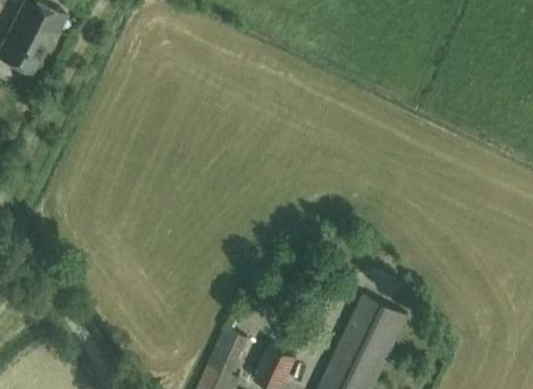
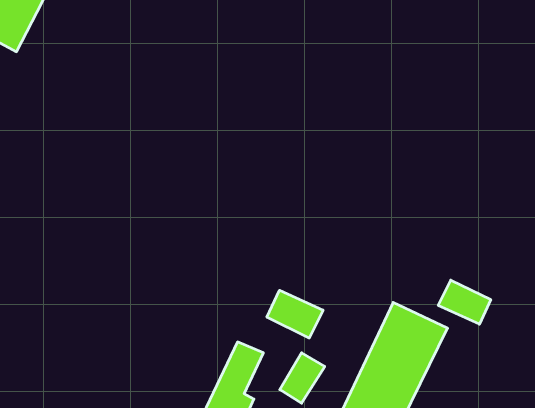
building: none -> [438,280,491,324]
building: none -> [267,290,323,338]

